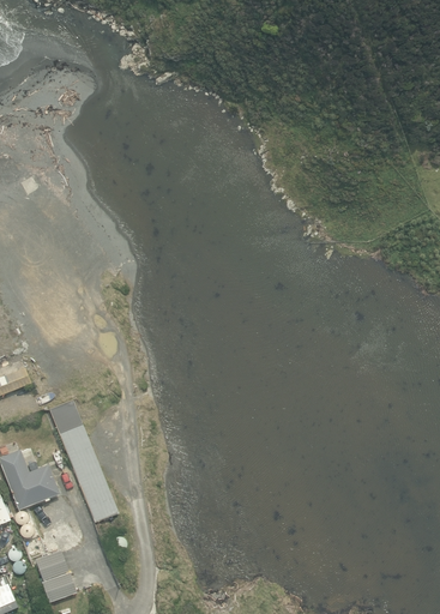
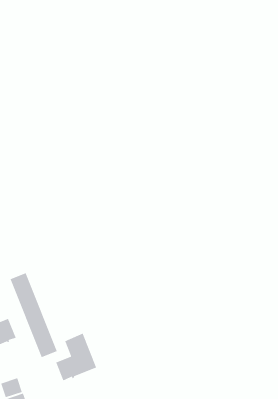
building: none -> [55,333,97,382]

